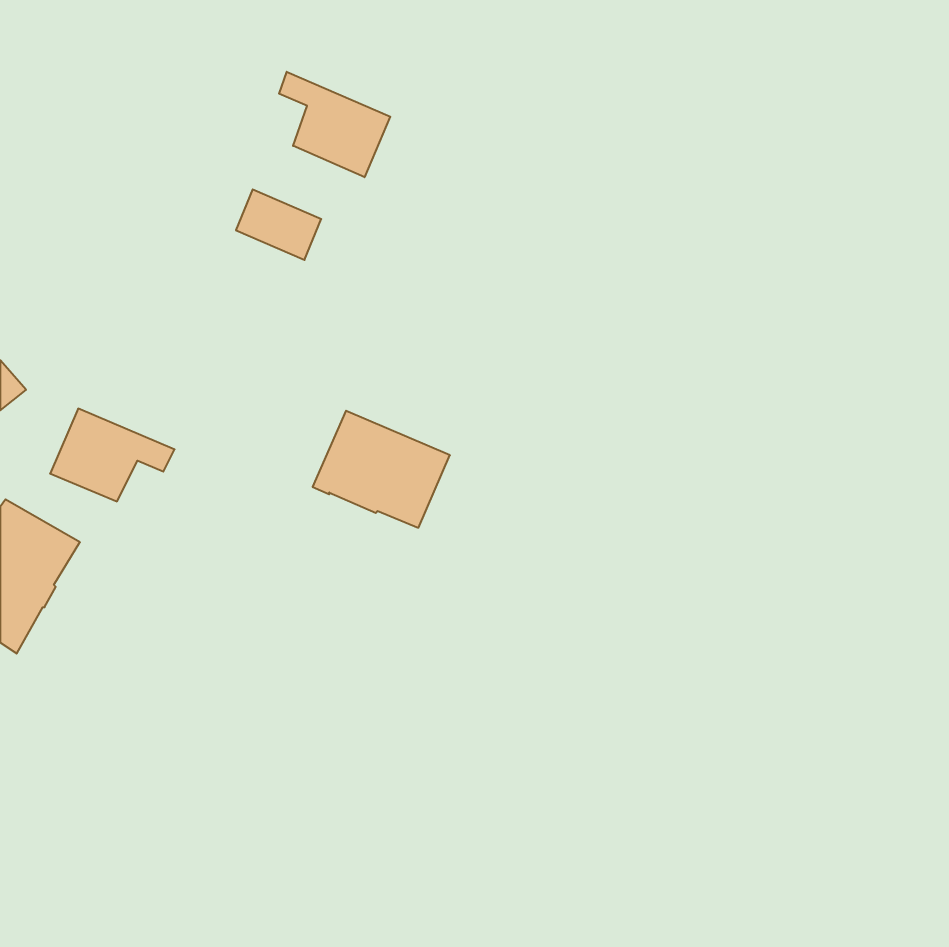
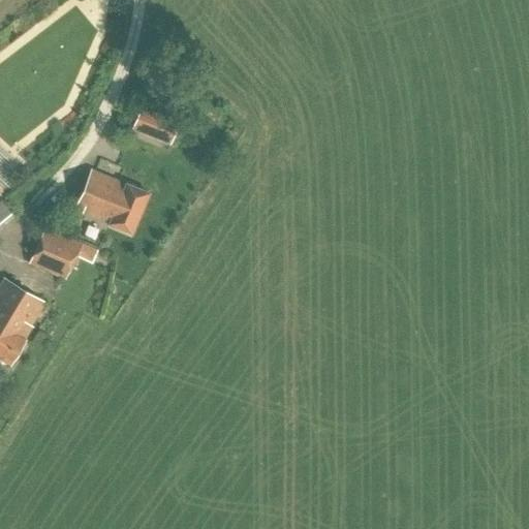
building: [279,72,390,177] -> none
building: [313,411,450,528] -> [72,167,149,232]

